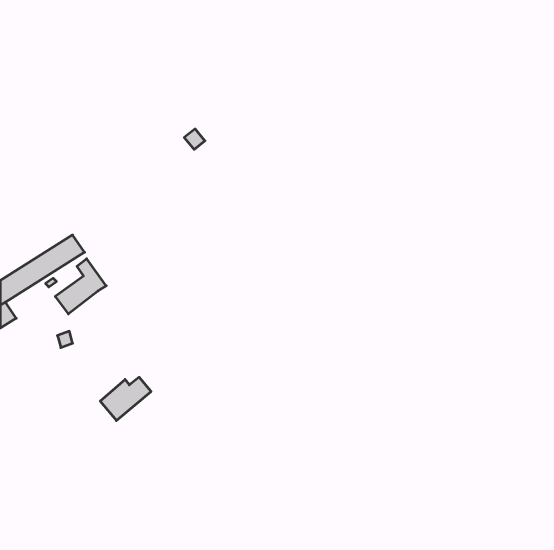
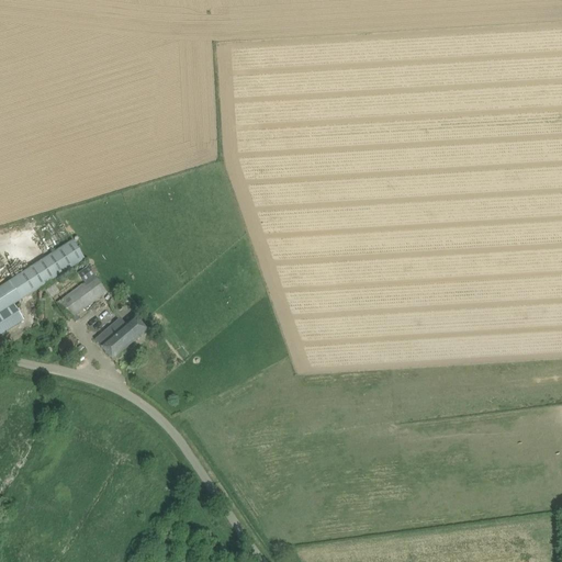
building: [100,377,151,421] -> [95,313,147,357]

